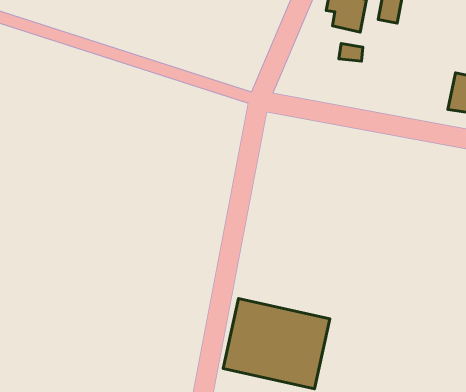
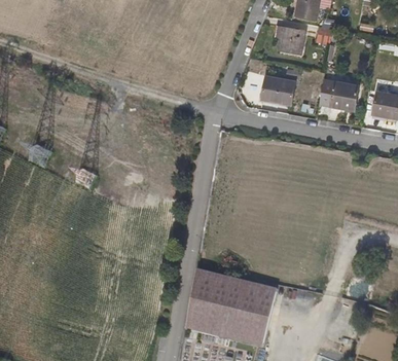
building: none -> [260,77,295,105]
building: none -> [329,82,358,110]

